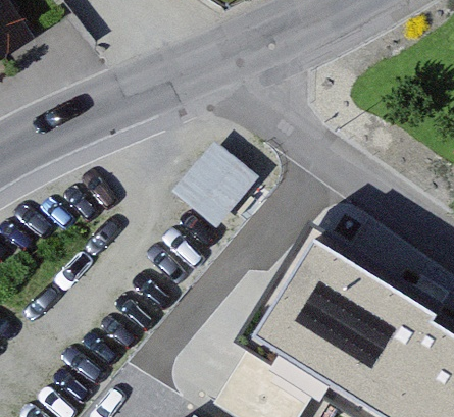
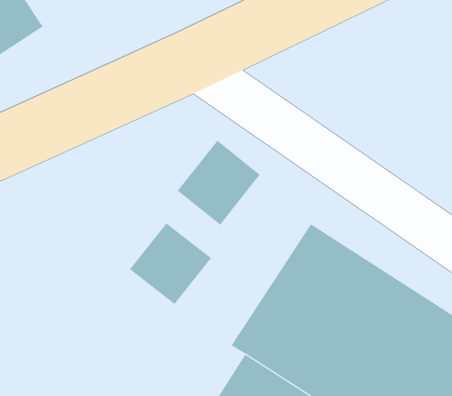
building: none -> [129,223,212,305]

